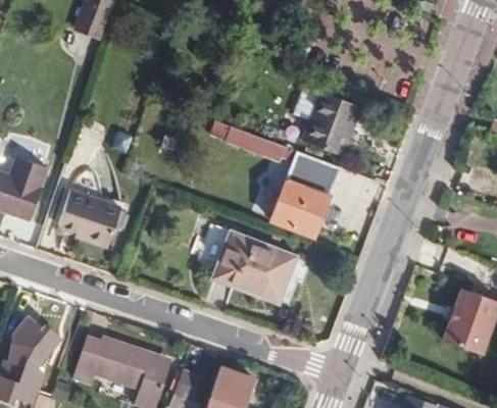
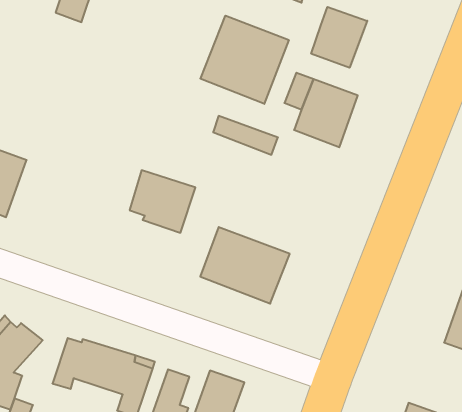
building: none -> [311,7,367,68]
building: none -> [200,16,289,104]
building: [268,150,340,238] -> none
building: [58,190,120,249] -> [130,170,195,233]

